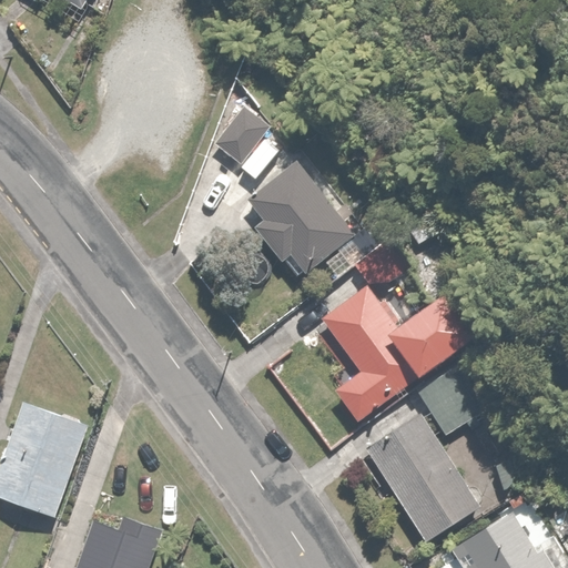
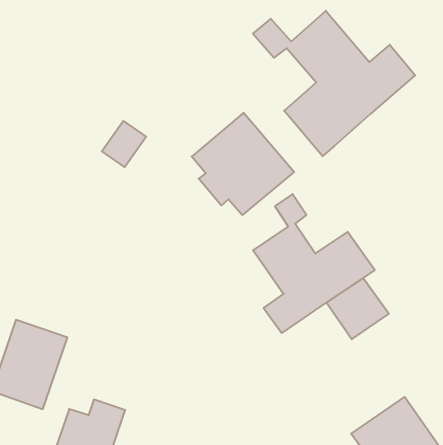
building: none -> [253,11,415,156]
building: [211,109,267,168] -> [102,121,146,167]
building: [365,413,484,541] -> none

